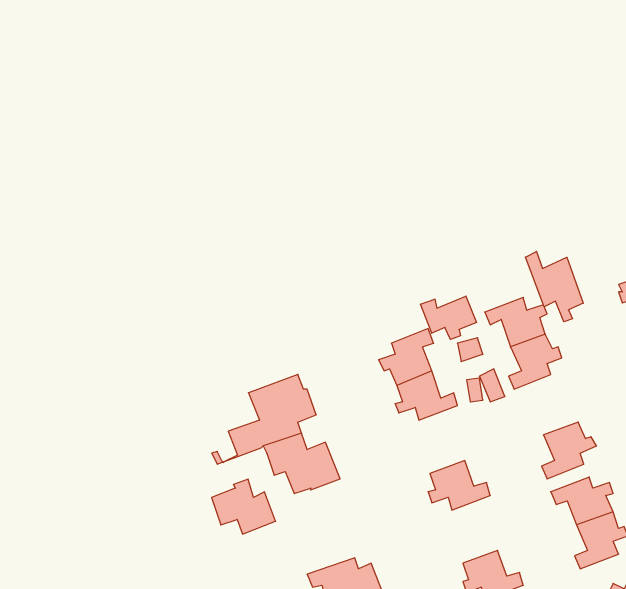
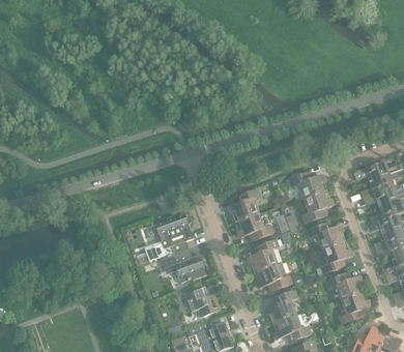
building: [525,251,583,322] -> none
building: [421,296,476,339] -> none
building: none -> [306,222,341,248]
building: none -> [247,239,277,270]
building: [212,479,276,534] -> [182,286,219,317]
building: none -> [265,290,295,321]

